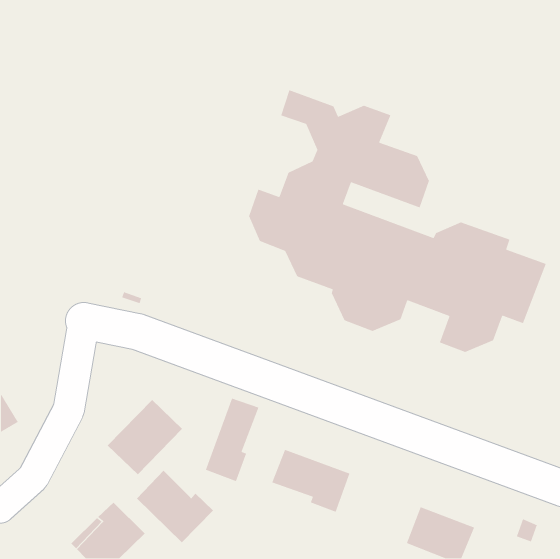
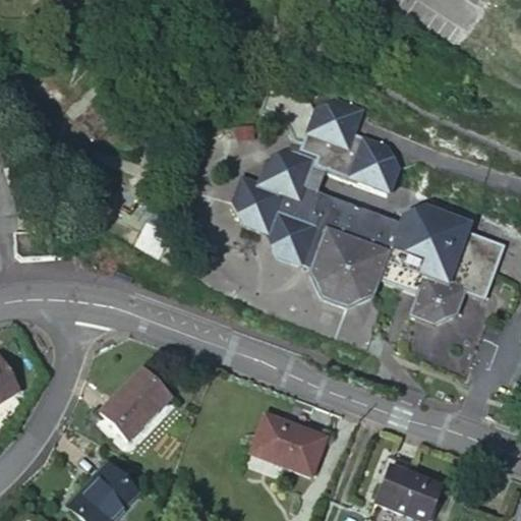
building: [205,398,259,482] -> none
building: [136,470,214,543] -> none

